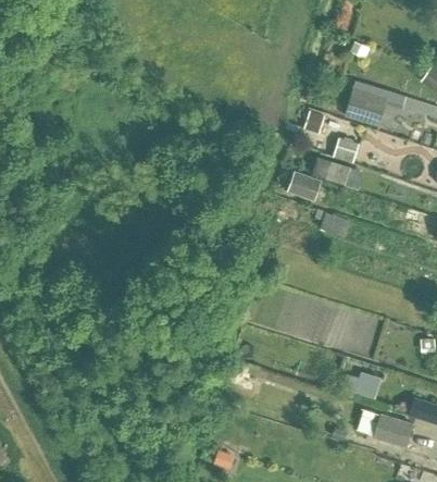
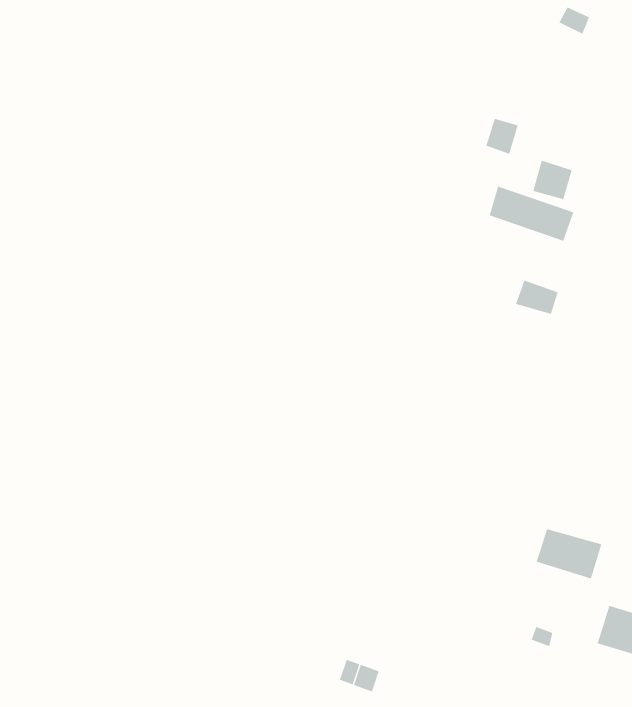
building: [345,89,388,126] -> none
building: [287,170,322,200] -> none

